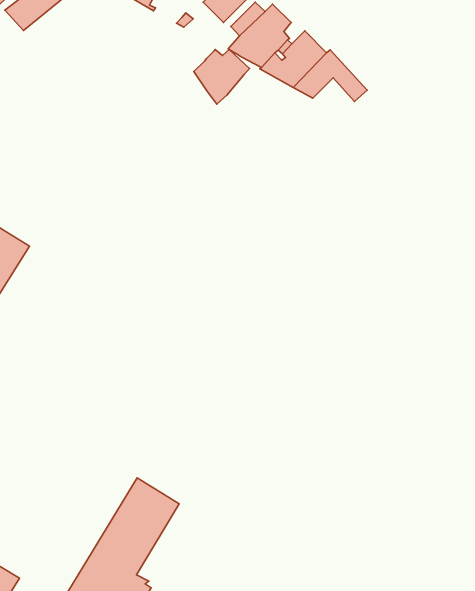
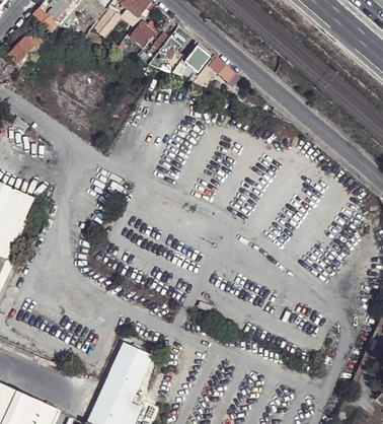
building: [194,49,250,104] -> none

